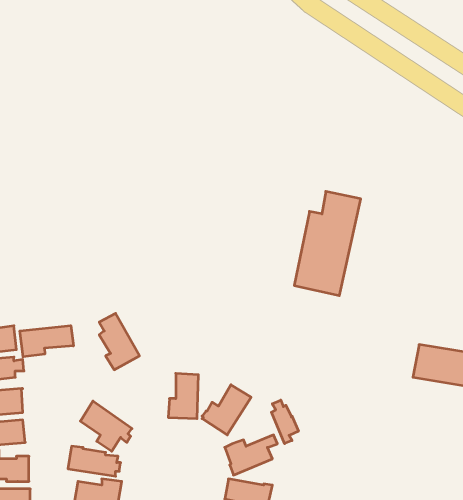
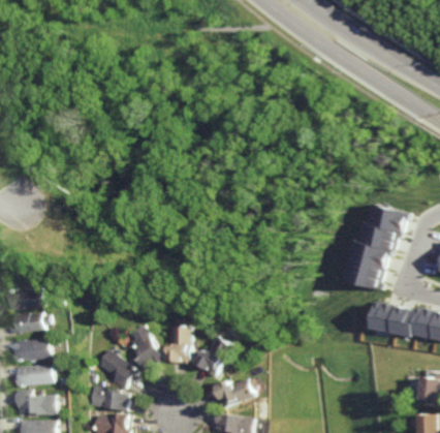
building: [294,191,361,296] -> [347,205,402,290]
building: [99,313,139,370] -> [131,324,164,371]
building: [20,326,73,357] -> none
building: [271,400,298,444] -> none

